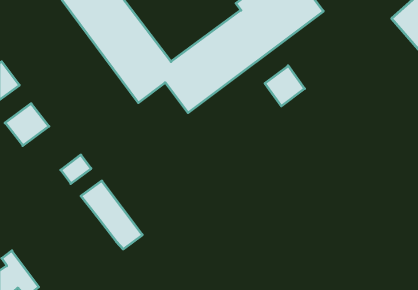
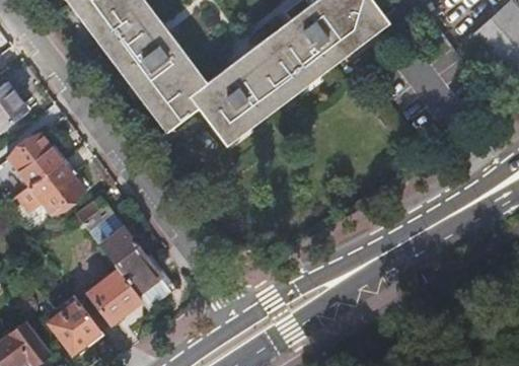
building: [265,66,305,106] -> none
building: none -> [9,162,81,228]
building: none -> [88,270,142,324]
building: none -> [46,296,100,352]

